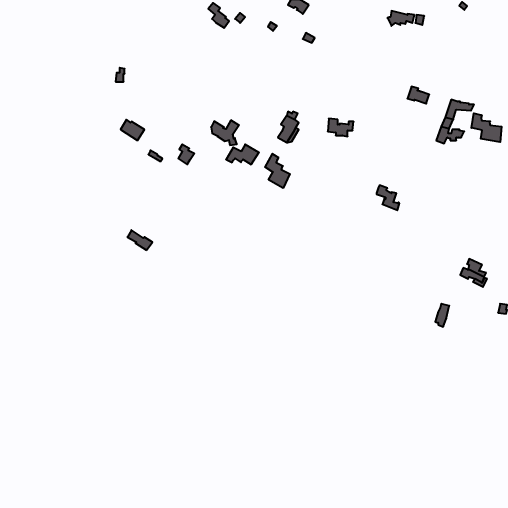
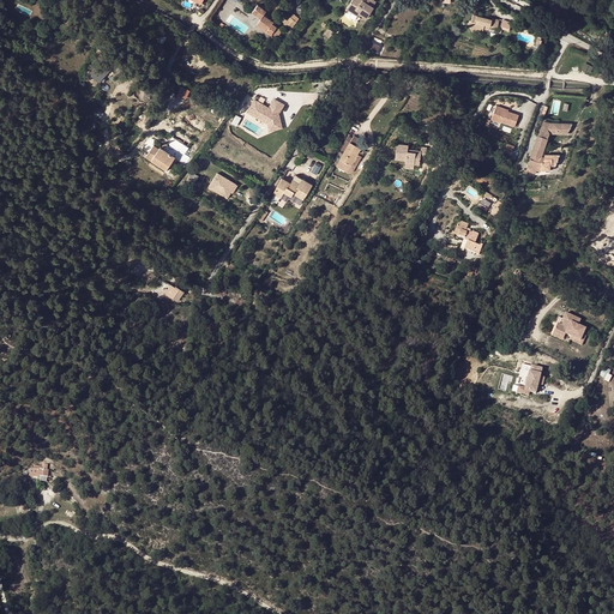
building: [471,113,502,142] -> none
building: [211,120,239,145] -> [249,97,283,127]
building: [265,154,290,188] -> none

